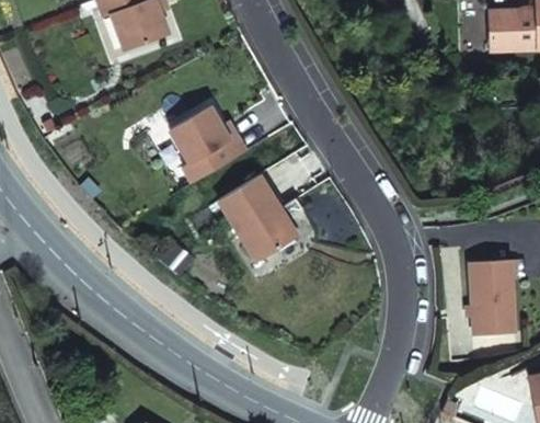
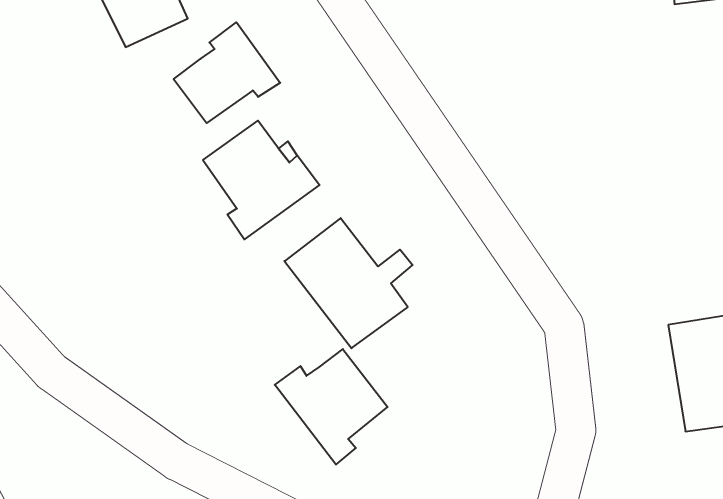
building: none -> [174,22,280,123]
building: none -> [275,349,388,465]

